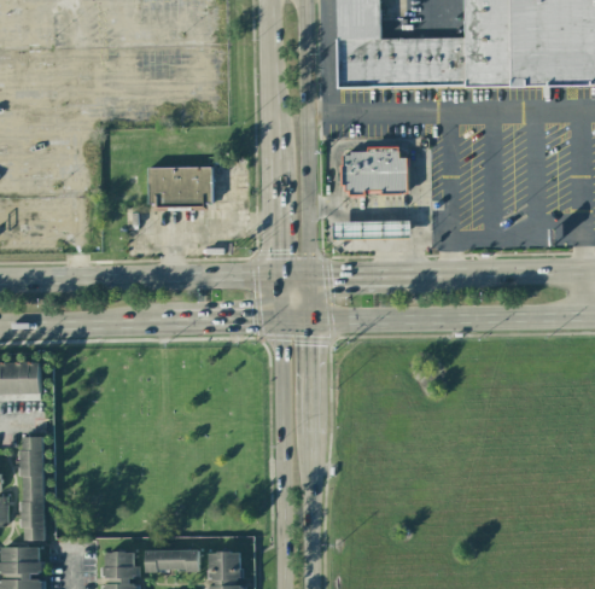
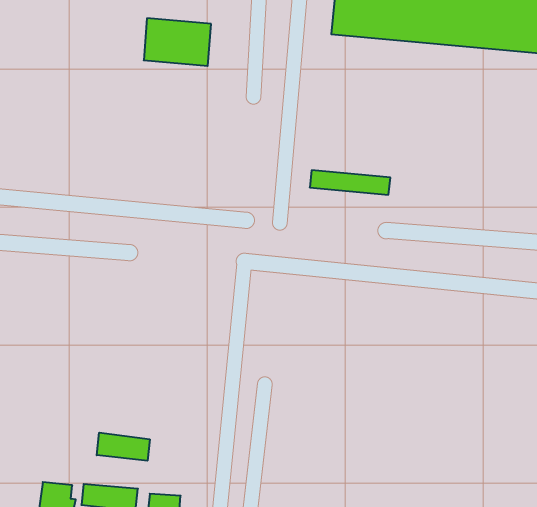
building: [344,148,408,193] -> none
building: [147,165,211,208] -> [144,18,211,66]
building: none -> [97,433,150,461]

